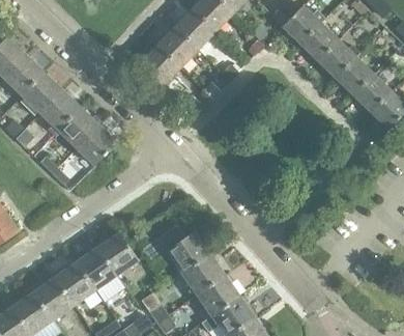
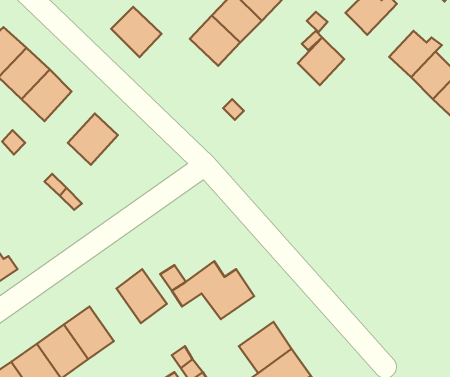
building: [299,23,337,61] -> [298,37,344,85]
building: [139,47,179,87] -> [111,7,161,57]
building: [39,89,80,131] -> none
building: [77,124,117,166] -> none
building: [76,248,117,290] -> none
building: [181,254,224,295] -> none

